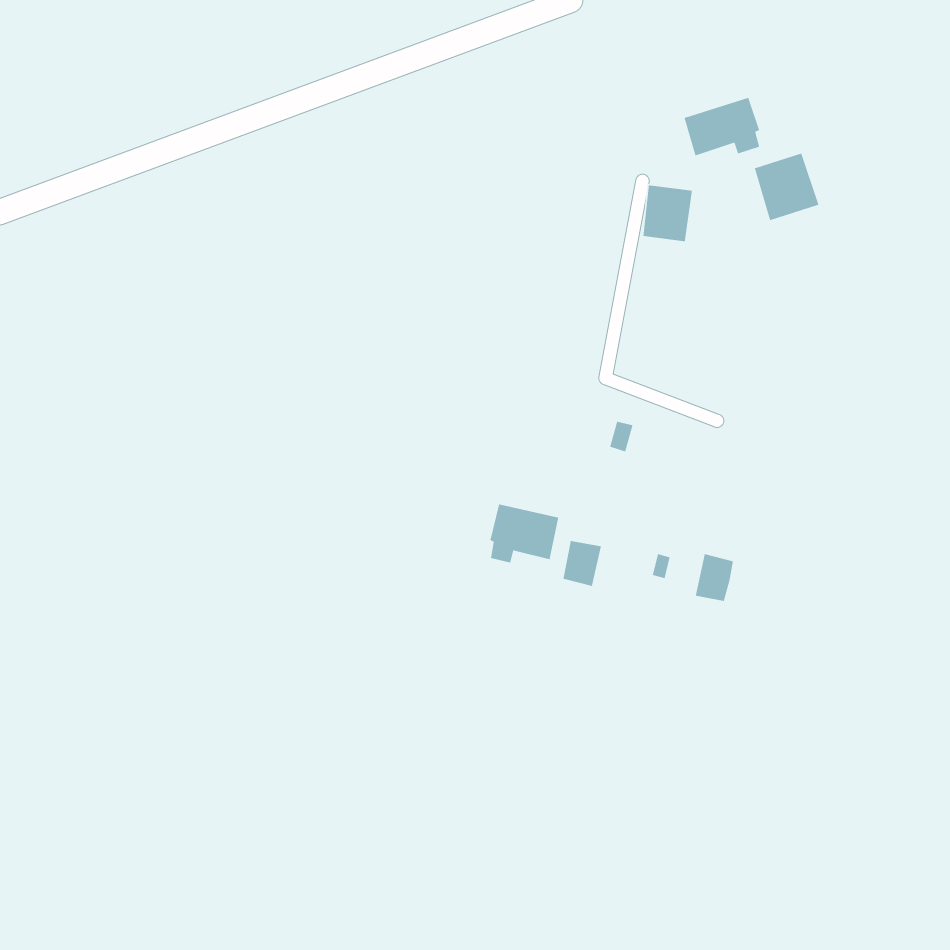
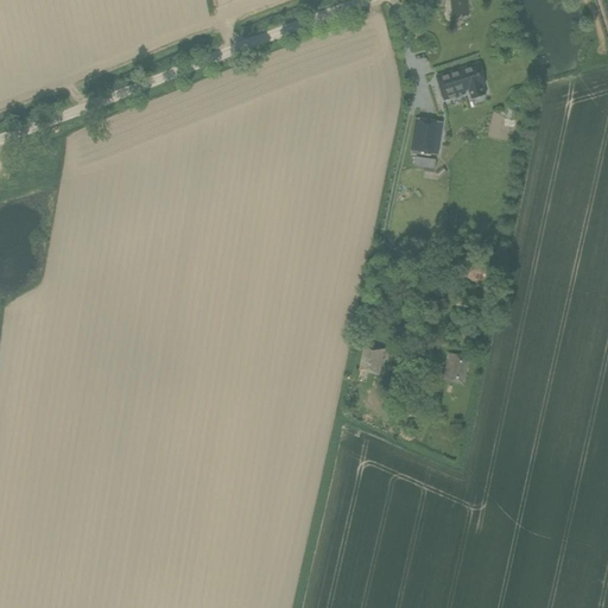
building: [754,153,819,221] -> none
building: [489,503,559,564] -> none

